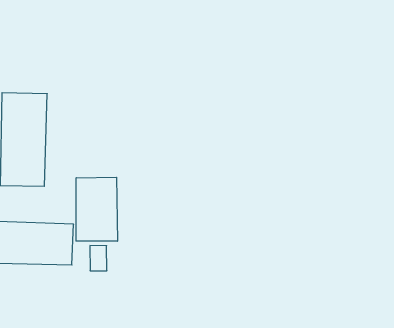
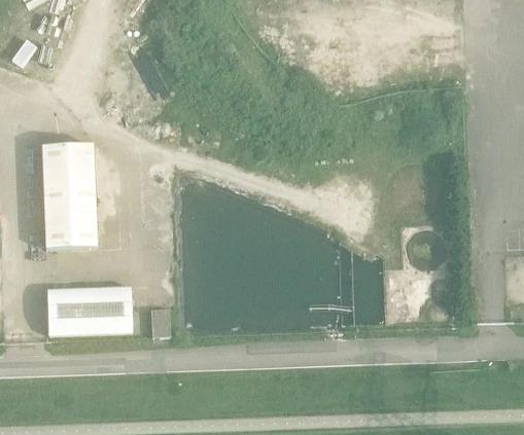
building: [76,177,117,241] -> none

